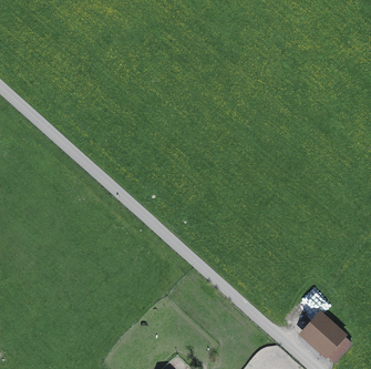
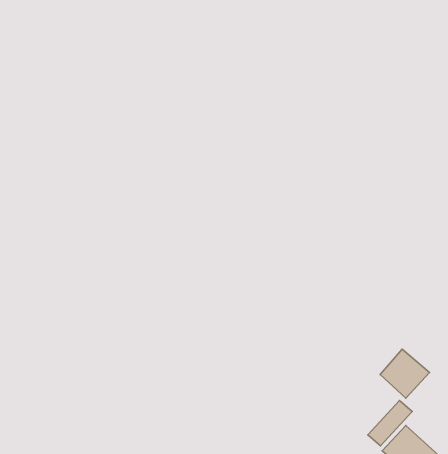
building: none -> [380,349,429,398]

